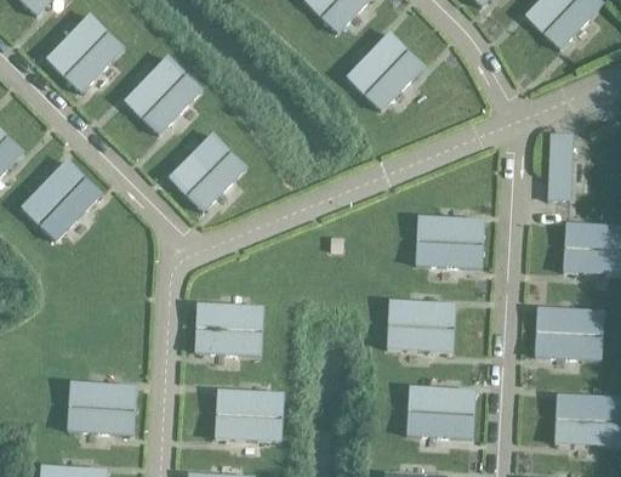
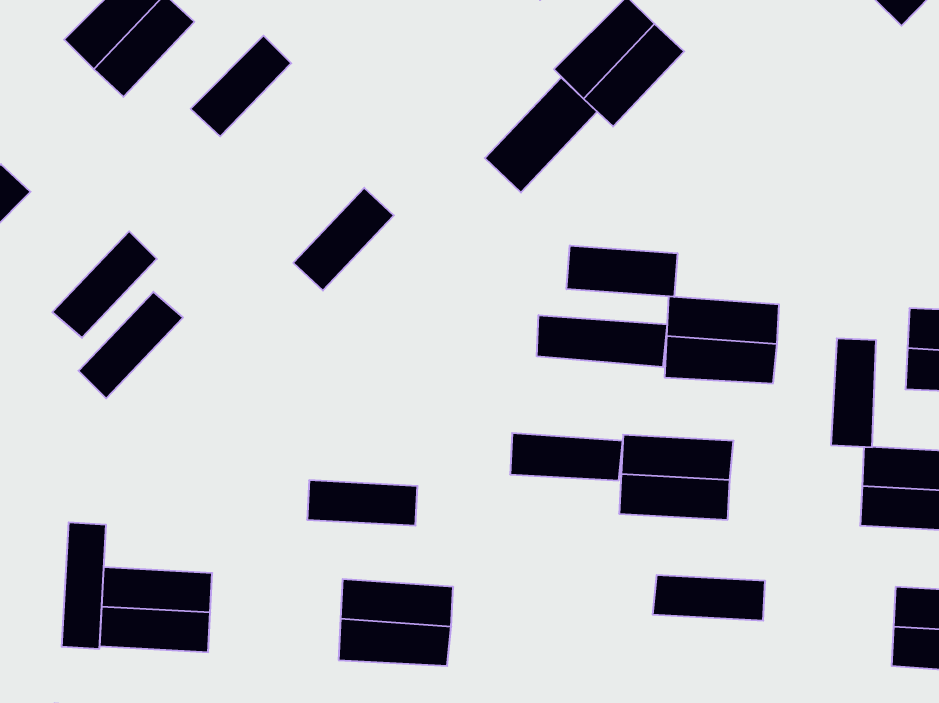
building: [141,72,203,135] -> none
building: none -> [485,77,597,193]
building: [167,131,229,194] -> none
building: [546,132,574,199] -> [831,338,876,447]
building: [21,159,85,225] -> [78,292,183,398]
building: none -> [567,245,677,297]
building: none -> [537,315,667,367]
building: [195,302,264,331] -> [510,433,623,480]
building: none -> [62,522,106,649]
building: [405,410,474,438] -> none

